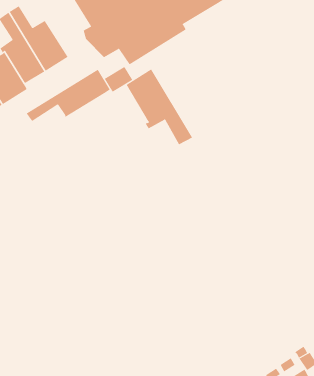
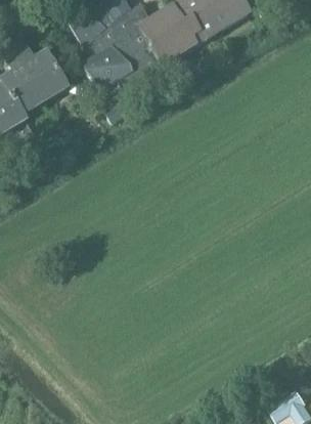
building: [126,69,193,145] -> none
building: [26,69,111,122] -> none

